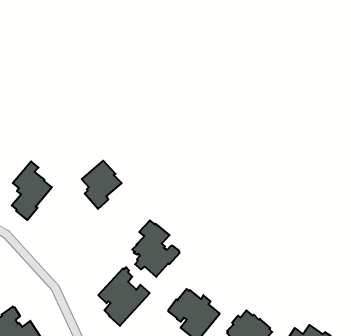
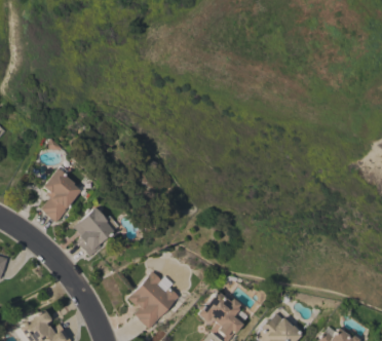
building: [82,161,122,209] -> [75,207,115,256]
building: [132,220,180,277] -> none

